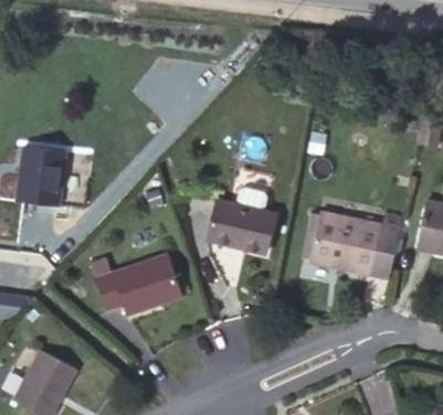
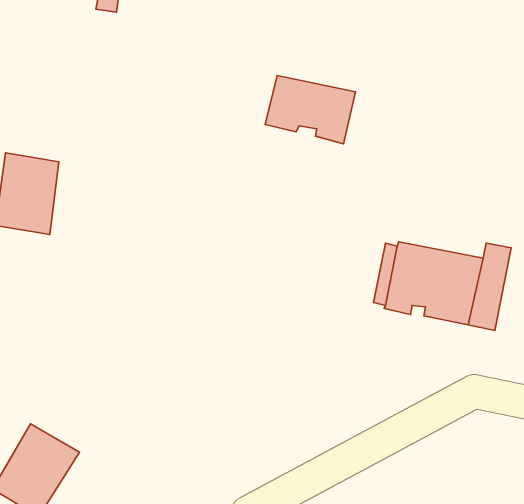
building: [207,202,274,253] -> [265,76,355,144]
building: [94,254,181,313] -> none

